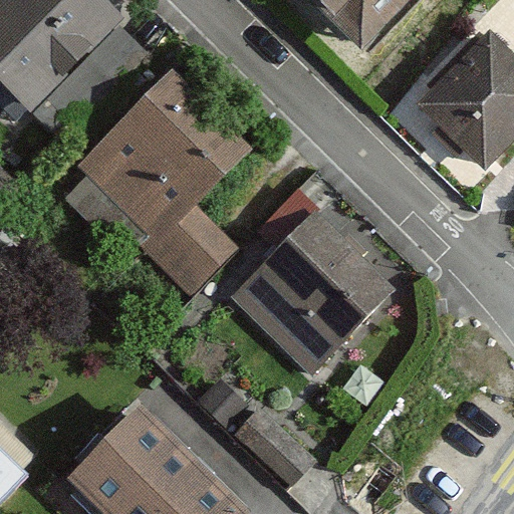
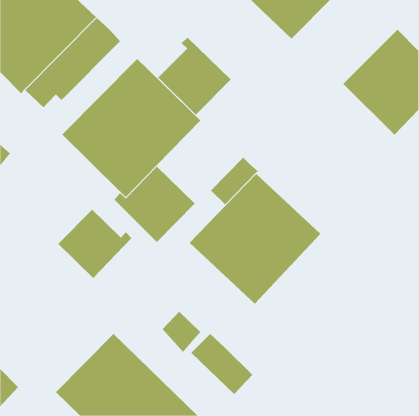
building: none -> [158,37,231,115]
building: none -> [58,209,132,279]

